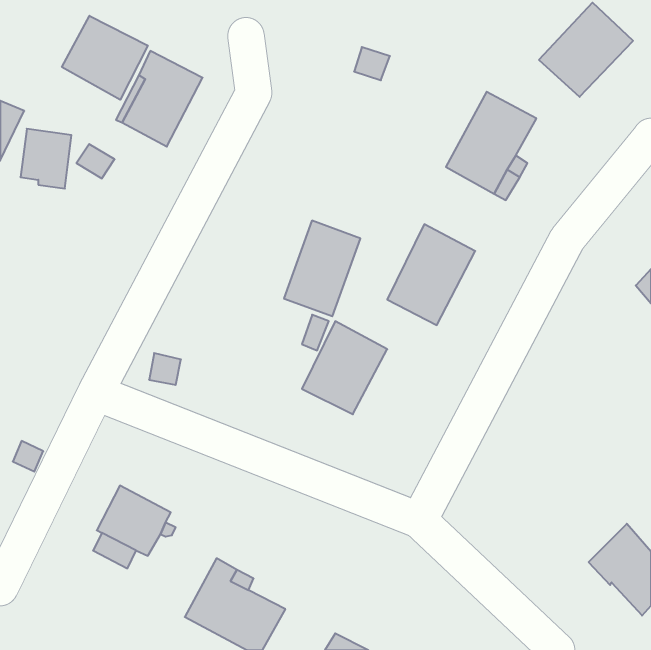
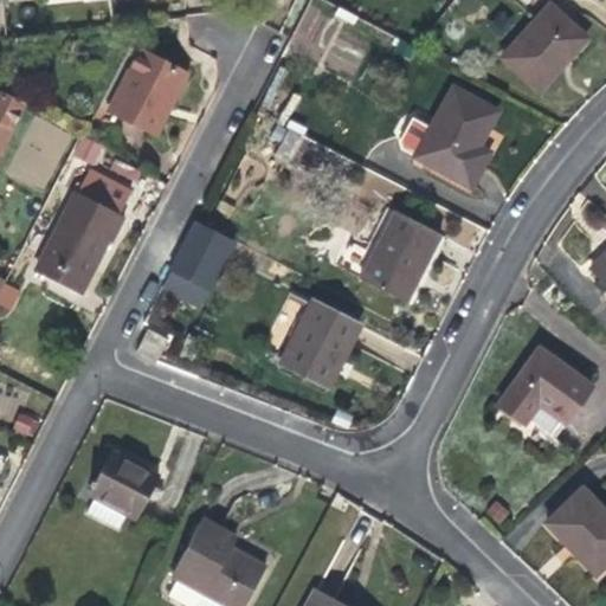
building: [62,16,148,100] -> none
building: none -> [37,168,131,292]
building: [284,221,360,316] -> [162,219,233,308]
building: none -> [497,347,592,421]

